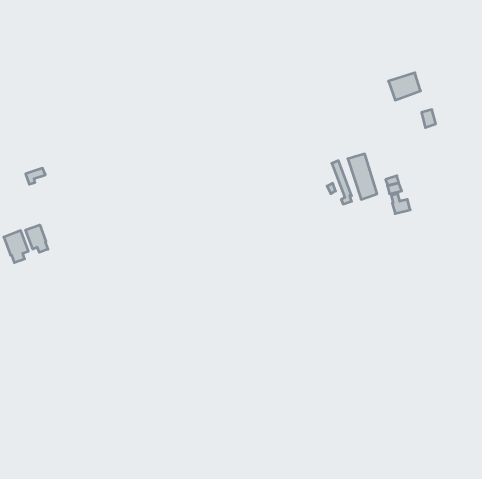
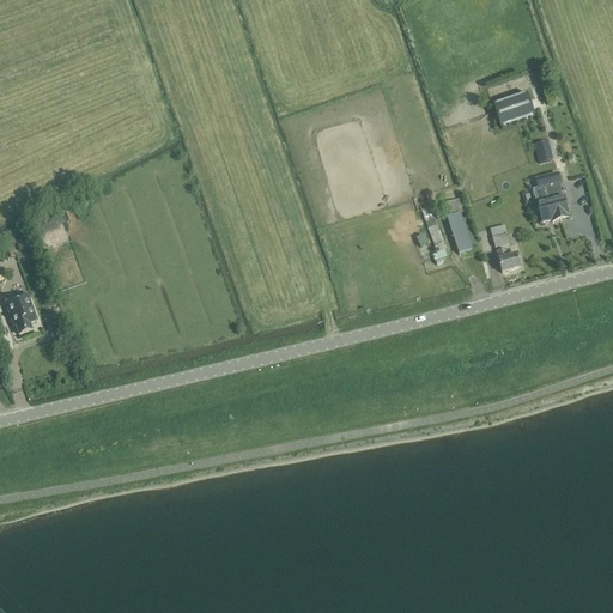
building: none -> [534,171,568,220]
building: [26,225,48,252] -> none

